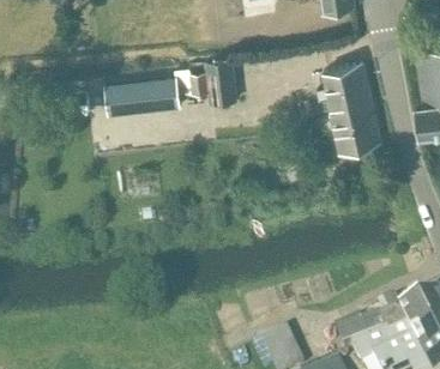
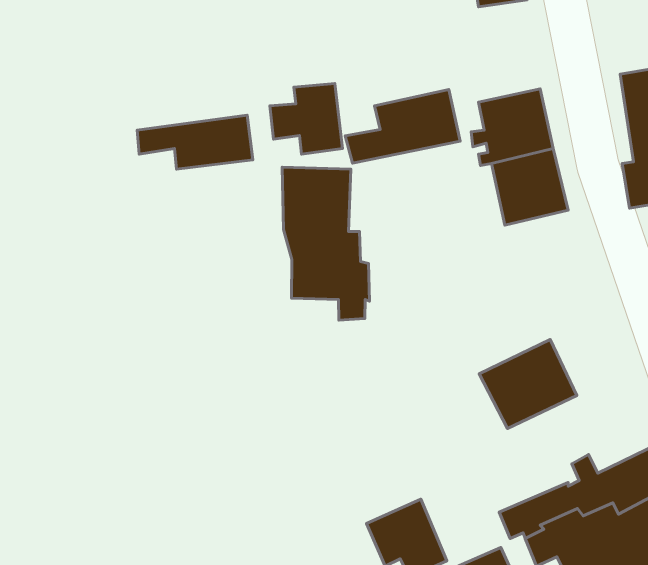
building: none -> [345,89,460,163]
building: none -> [282,167,369,320]
building: none -> [479,340,577,429]

